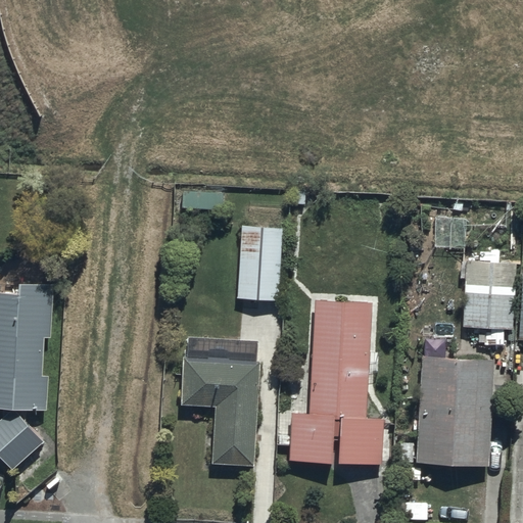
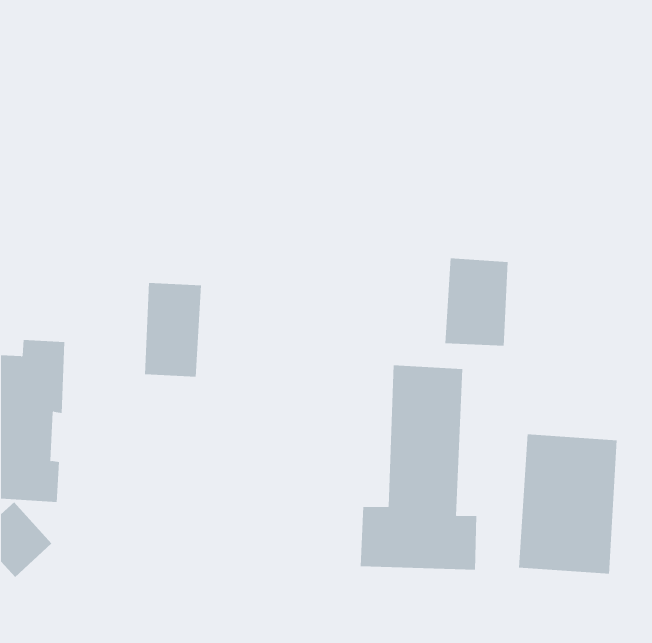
building: [237,227,283,302] -> [144,283,202,377]
building: [464,259,515,330] -> [445,258,508,346]
building: [181,337,258,467] -> none

